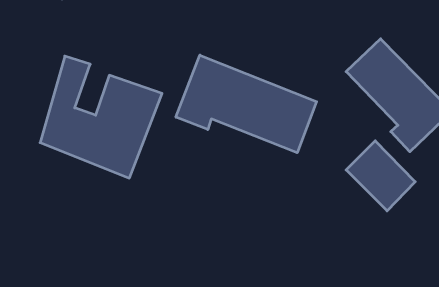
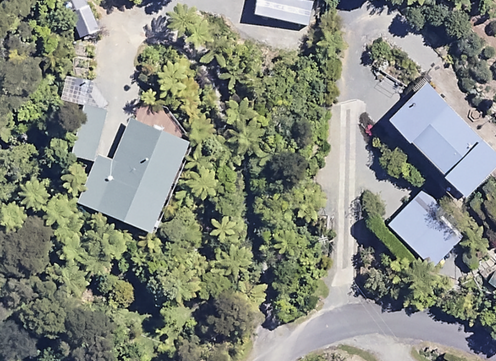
building: [176,55,317,153] -> none

